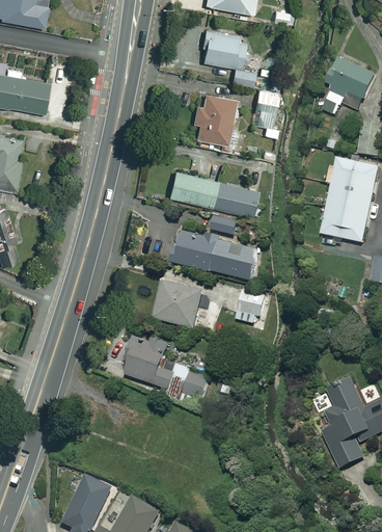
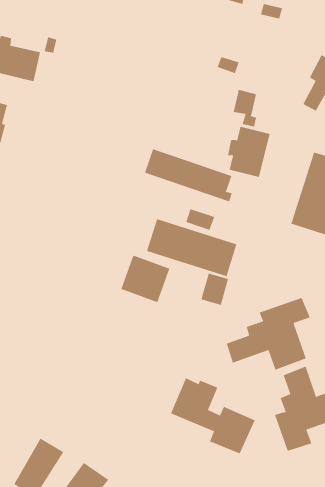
building: [199,31,248,68] -> none
building: [190,92,233,143] -> [227,126,270,178]
building: none -> [226,297,310,370]
building: [122,336,211,409] -> [170,377,256,454]

